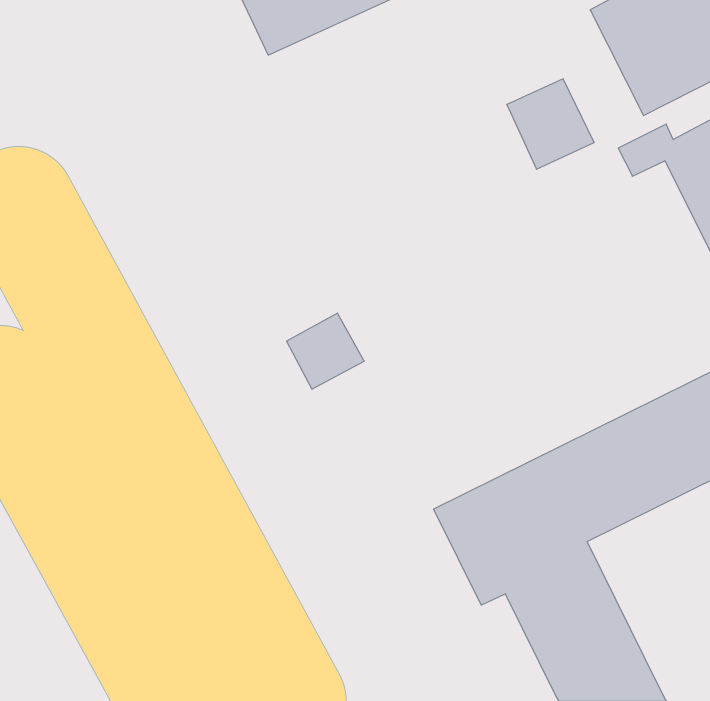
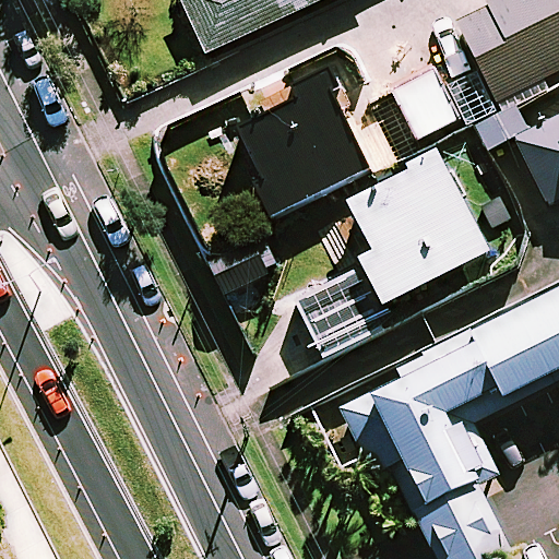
building: none -> [237,72,368,213]
building: none -> [301,170,478,349]

